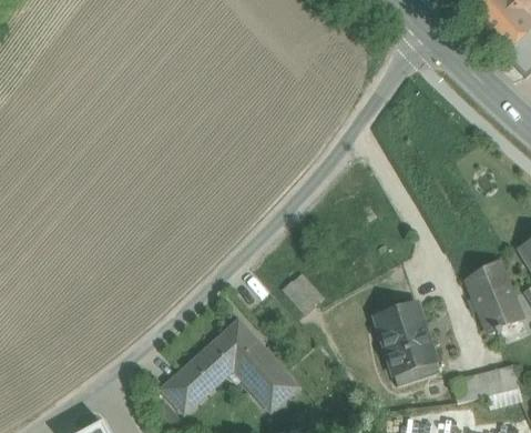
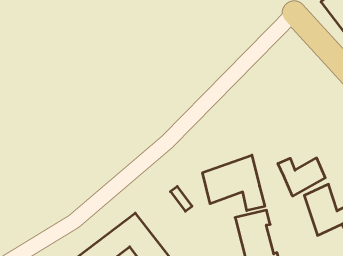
building: none -> [278,158,325,196]
building: none -> [203,155,265,211]

